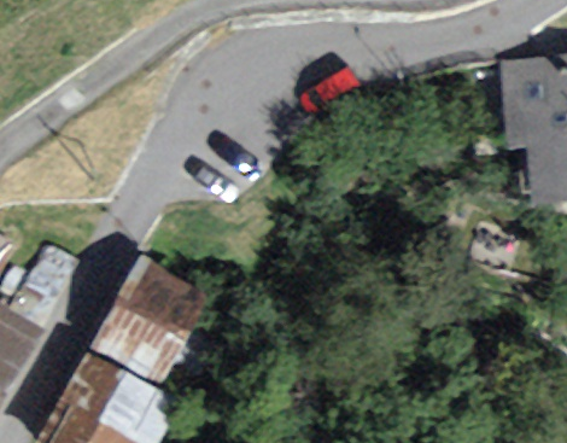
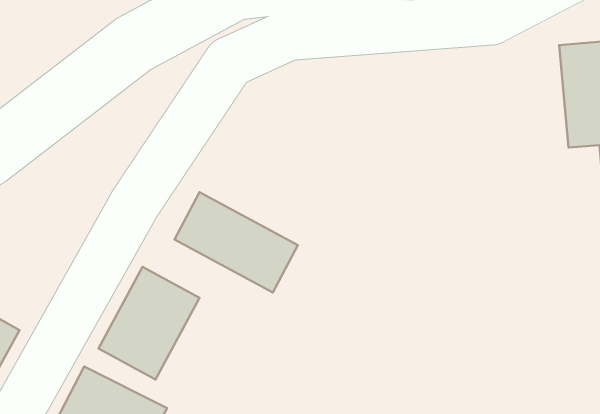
building: none -> [175,192,298,293]

